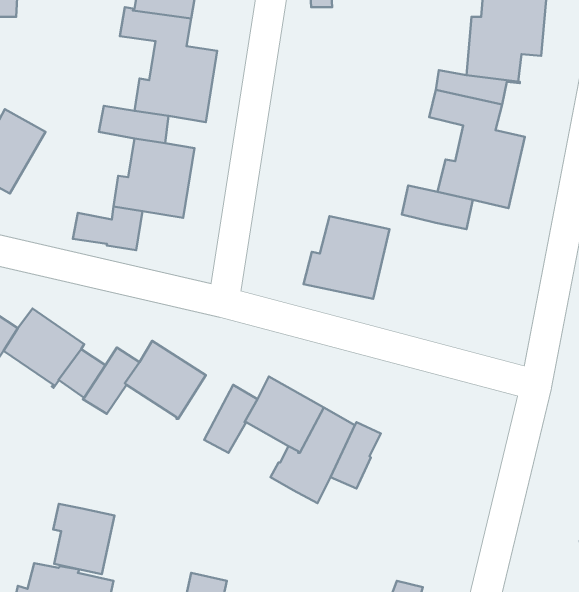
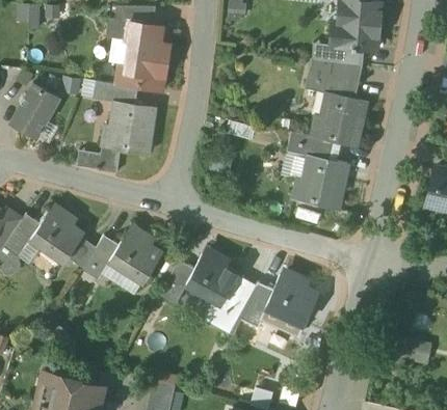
building: [304,216,389,299] -> [293,156,348,209]
building: none -> [267,276,318,324]
building: [53,504,114,574] -> none

